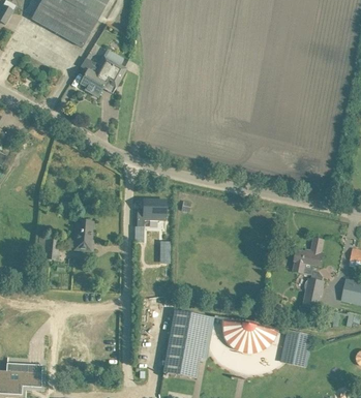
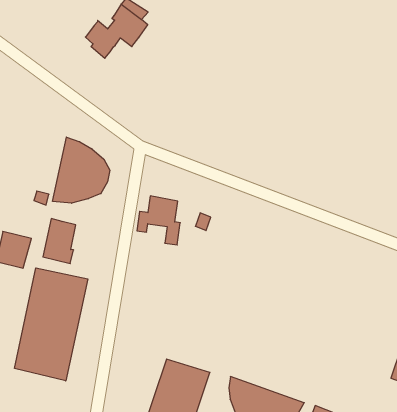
building: none -> [53,137,110,203]
building: [293,238,324,307] -> none
building: none -> [15,268,88,381]

